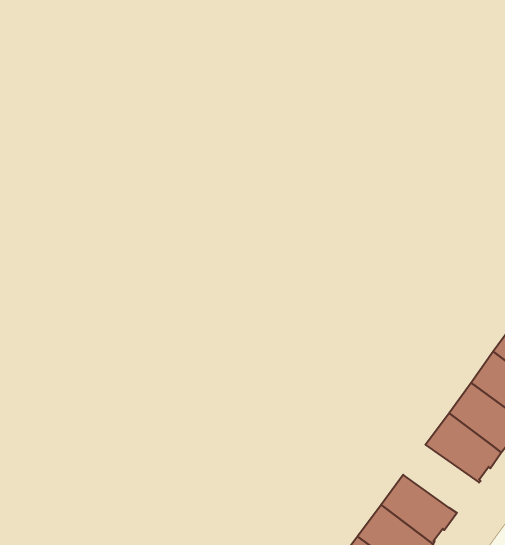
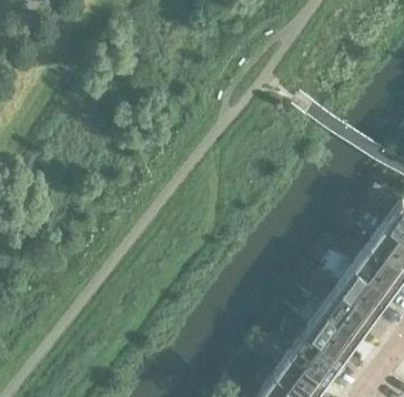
building: none -> [305,314,358,362]

